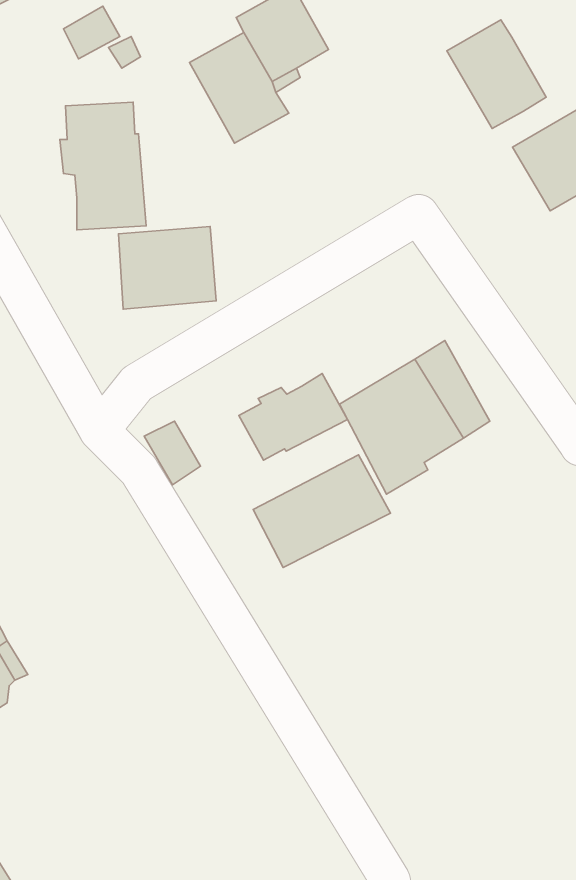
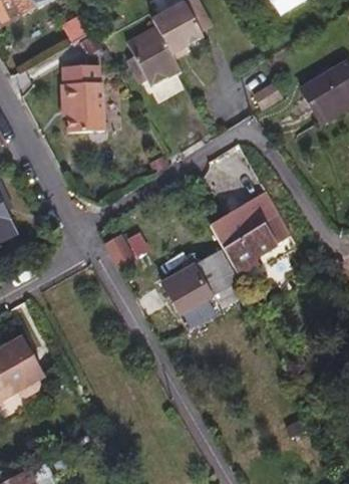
building: [447,20,546,128] -> none
building: [118,227,216,309] -> none
building: [239,374,348,460] -> none

